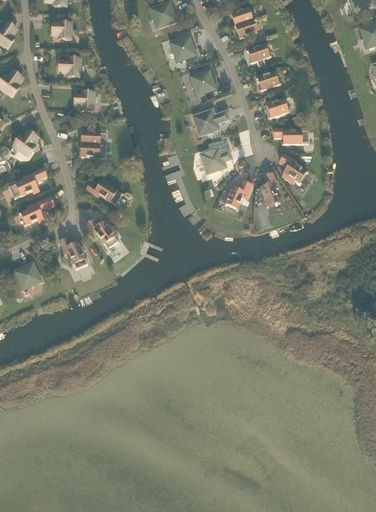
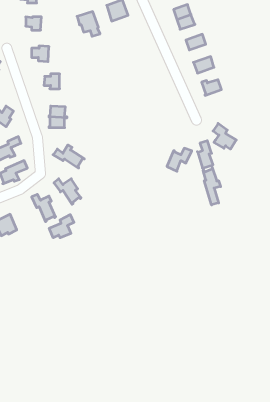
building: [170,36,198,66] -> [77,12,100,36]
building: [190,70,216,99] -> none
building: [192,109,228,136] -> none
building: [273,128,307,144] -> none
building: [200,145,231,174] -> none
building: none -> [203,168,221,205]
building: none -> [49,215,74,238]

